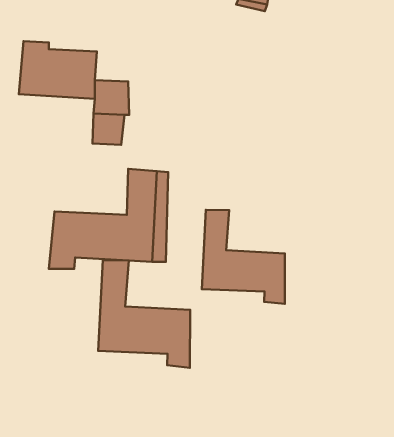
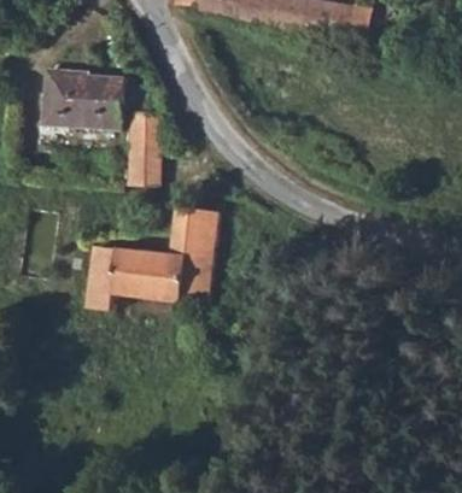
building: [202,210,285,304] -> none
building: [98,260,190,368] -> none

